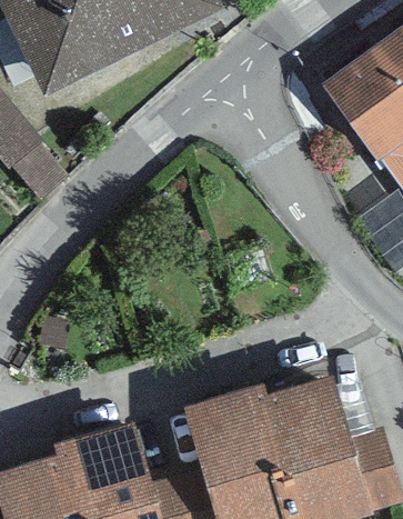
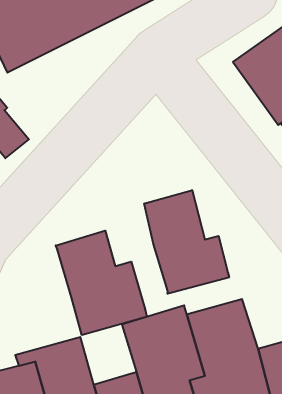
building: none -> [144,190,229,294]
building: none -> [56,231,147,335]

